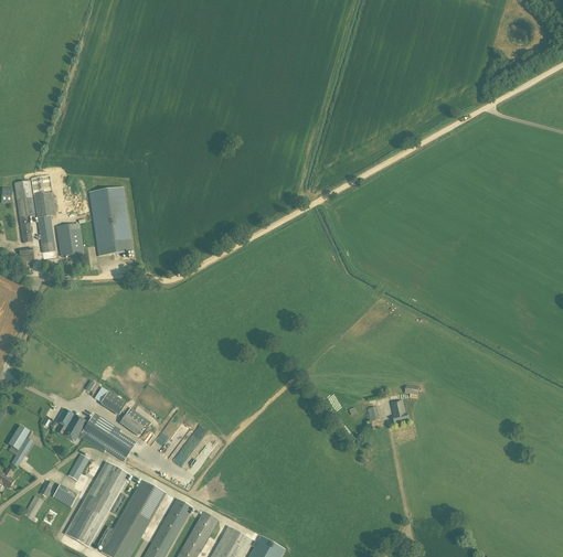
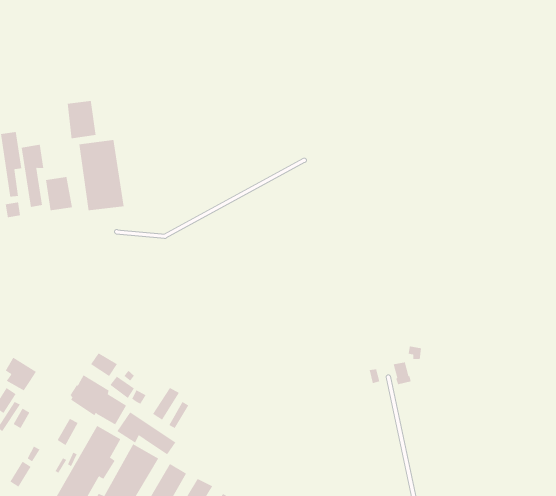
building: none -> [67,100,96,139]
building: [55,408,86,441] -> [5,357,37,391]
building: none -> [116,411,176,455]

